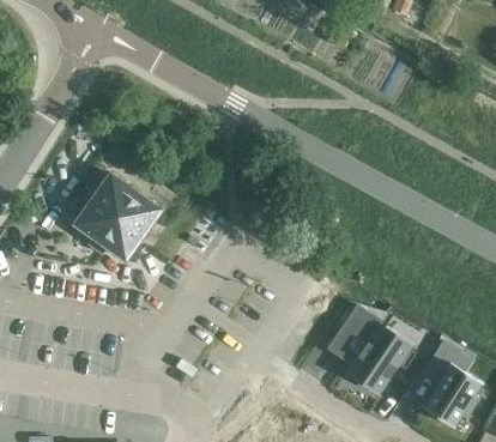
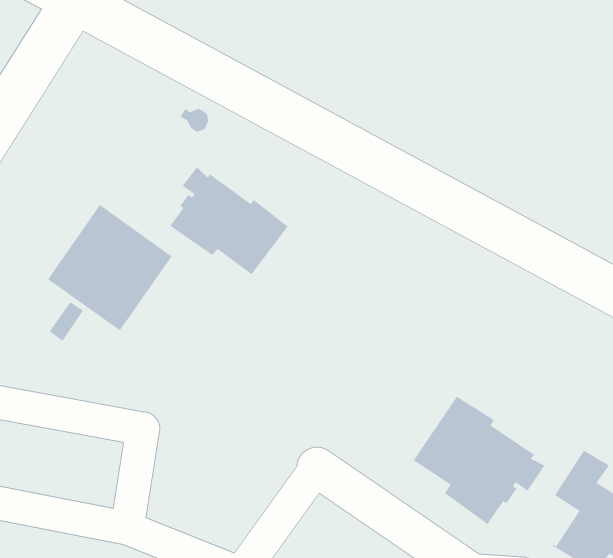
building: none -> [170,167,289,275]

